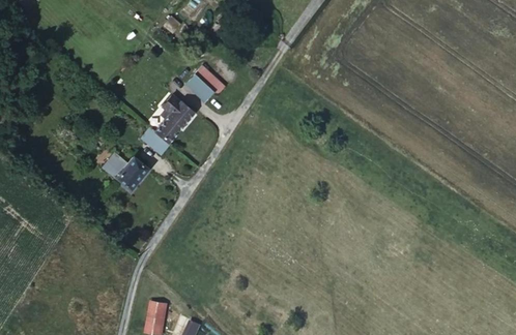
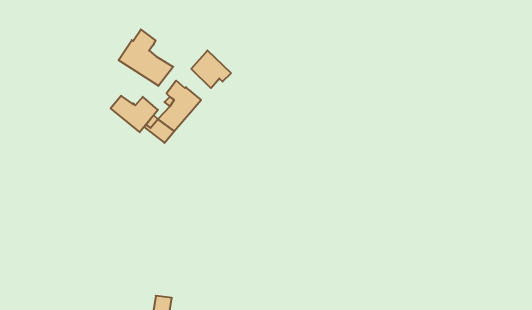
building: none -> [119,29,173,86]
building: [101,155,146,190] -> [111,96,158,132]

